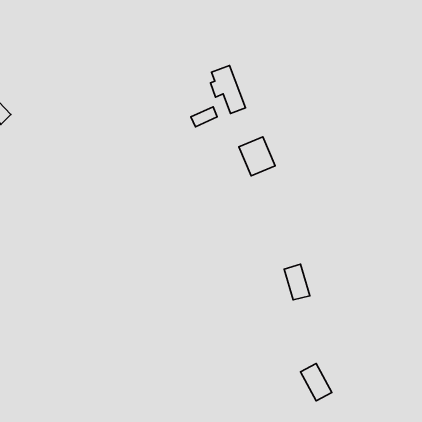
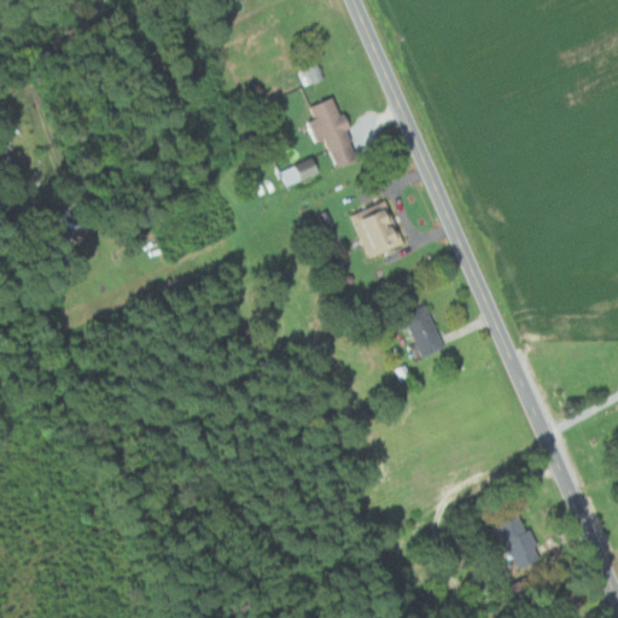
building: [284,264,310,300] -> [404,305,442,357]
building: [300,363,332,401] -> [496,517,542,571]

